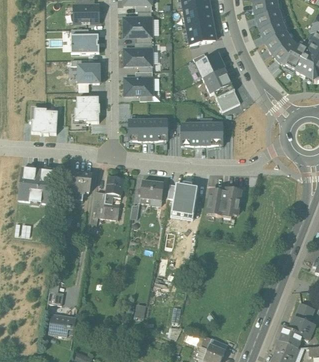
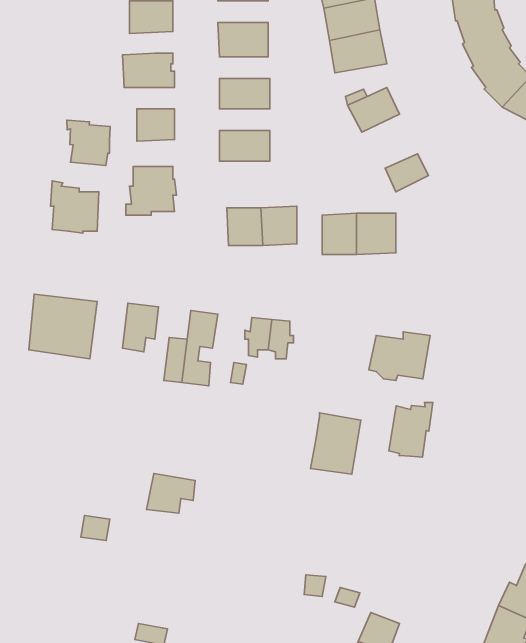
building: [203,67,235,98] -> none
building: none -> [67,120,110,166]
building: [170,182,198,216] -> [310,413,361,474]
building: none -> [389,403,433,457]
building: [48,312,75,334] -> [147,473,195,513]

